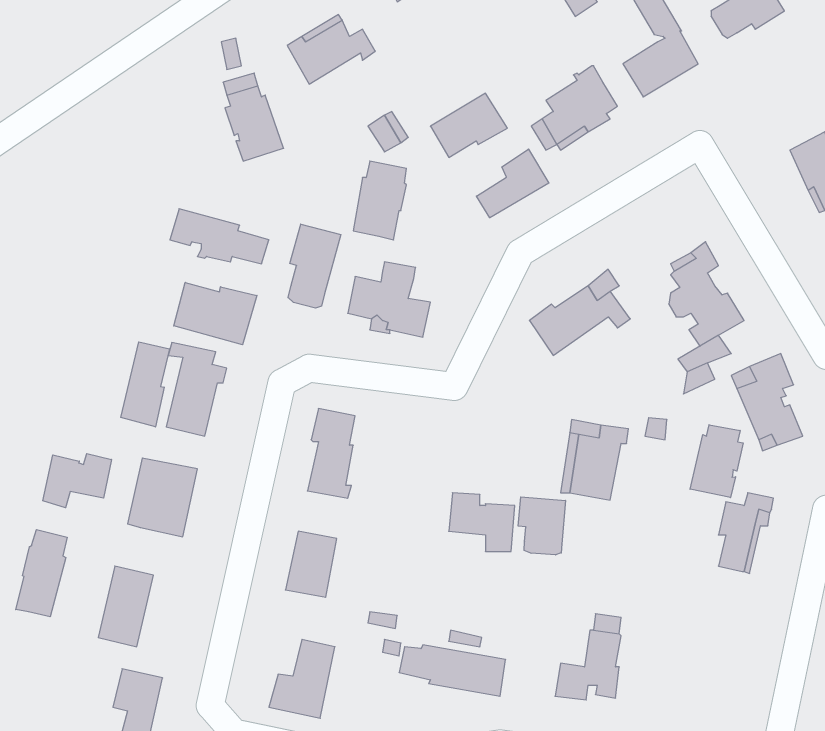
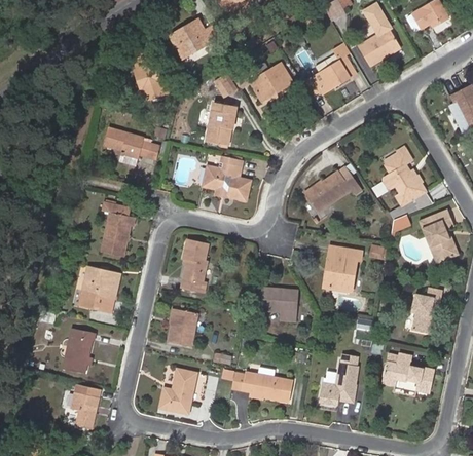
building: [476,149,549,218] -> none
building: [288,224,341,308] -> none
building: [174,282,257,345] -> none
building: [121,342,170,427] -> none
building: [690,425,743,498] -> none
building: [43,454,111,508] -> none
building: [518,497,565,555] -> none
building: [16,530,67,617] -> none
building: none -> [381,353,434,393]

